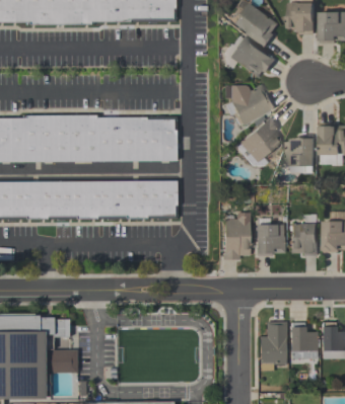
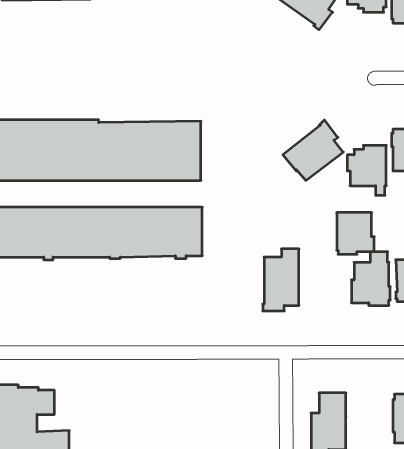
building: [228,35,275,78] -> none
building: [223,84,275,125] -> none
building: [255,224,283,255] -> [337,213,374,254]
building: [288,322,316,357] -> none

